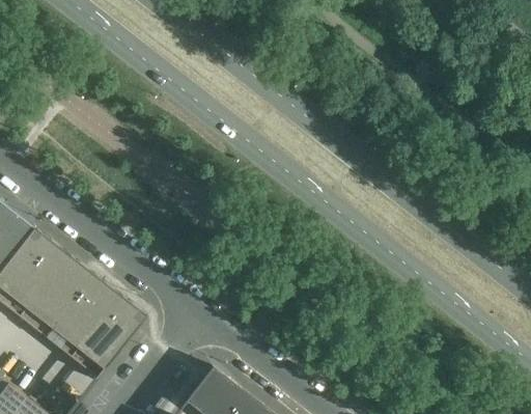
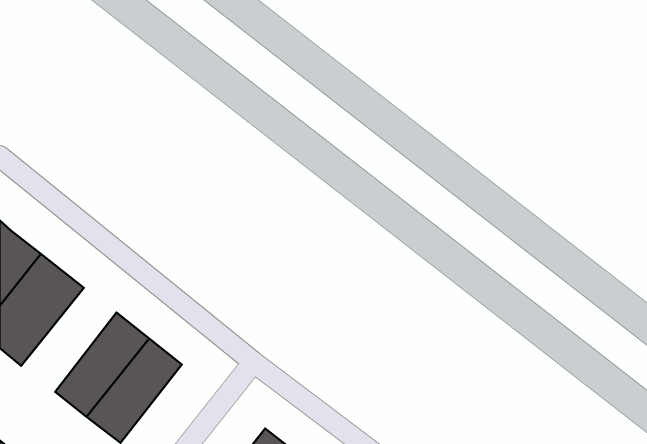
building: [18,253,93,336] -> none

